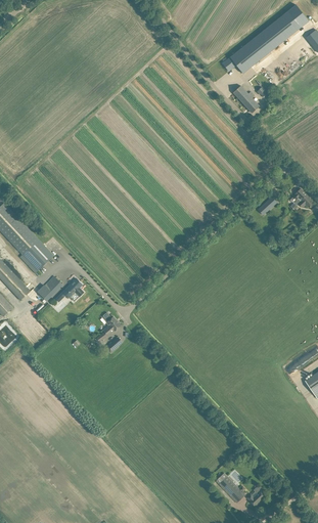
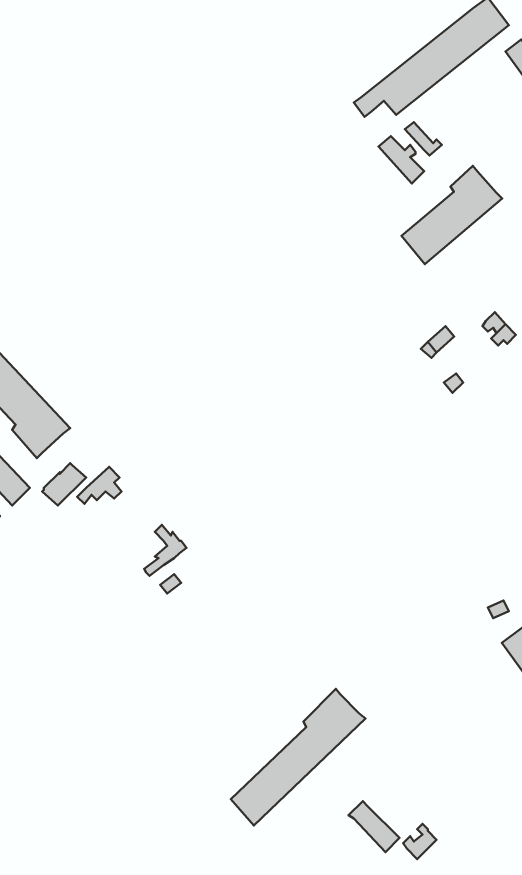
building: none -> [402,166,502,264]
building: none -> [231,689,365,826]

